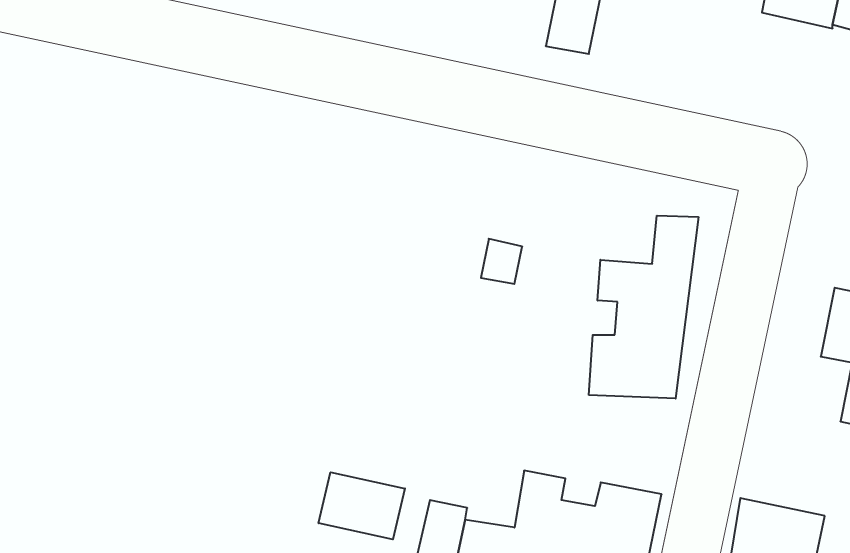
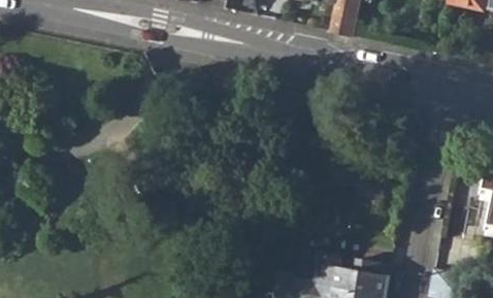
building: [589,216,698,399] -> none
building: [319,472,405,539] -> none

